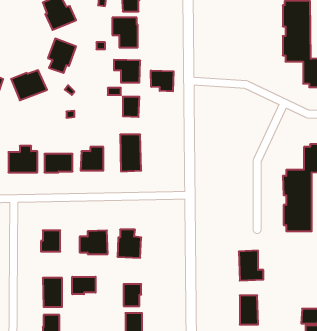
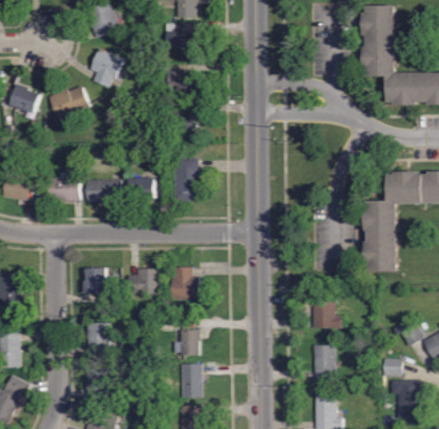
building: [151,70,174,91] -> none
building: [72,277,96,294] -> none

